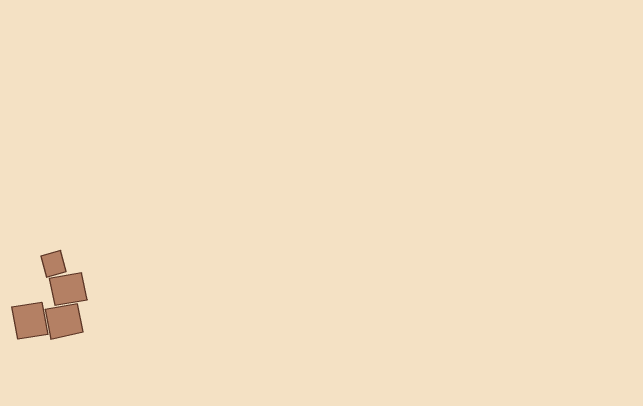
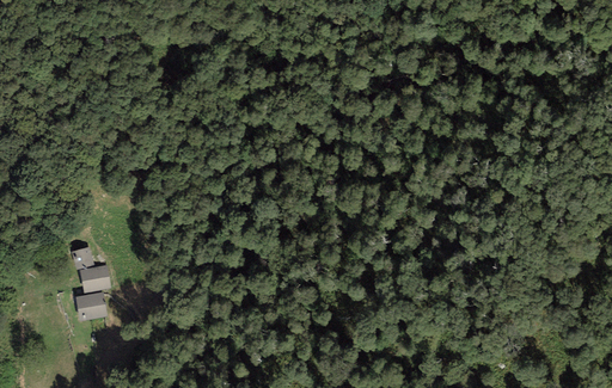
building: [12,302,48,339] -> none

